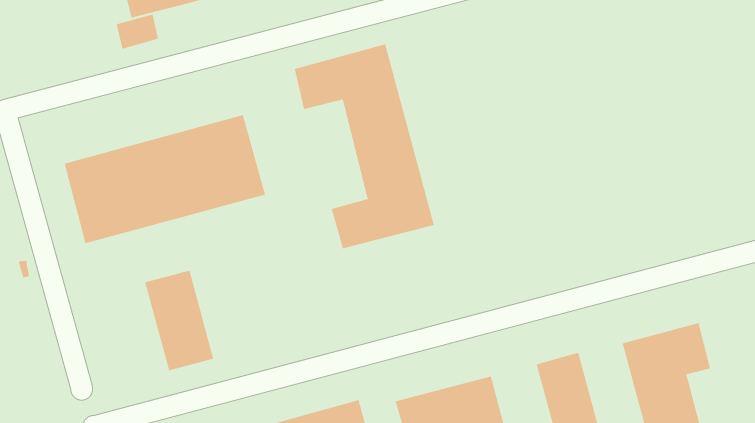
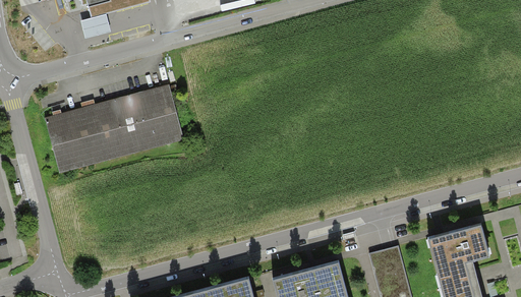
building: [294,43,435,249] -> none
building: [145,270,214,371] -> none

